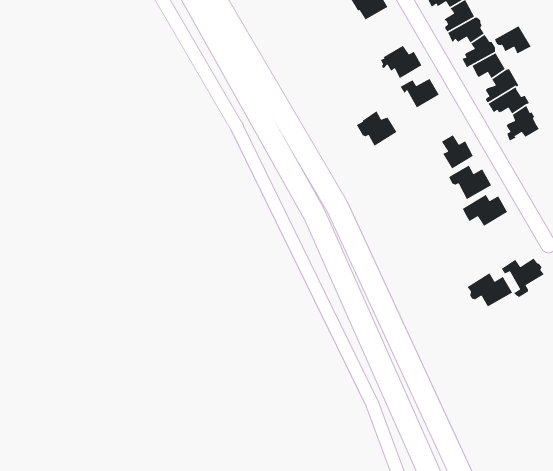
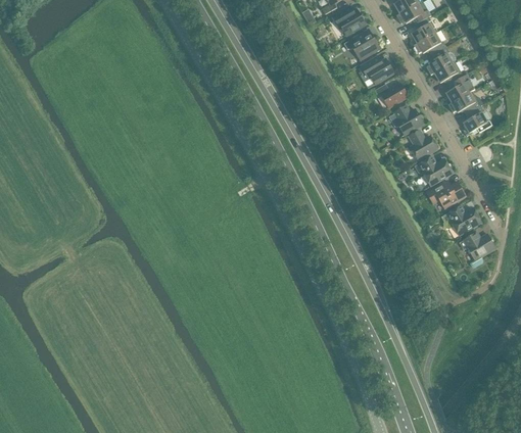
building: none -> [343,29,379,59]
building: [494,25,532,54] -> none
building: [356,110,397,147] -> [388,104,423,135]
building: [467,272,513,308] -> [441,204,480,234]

